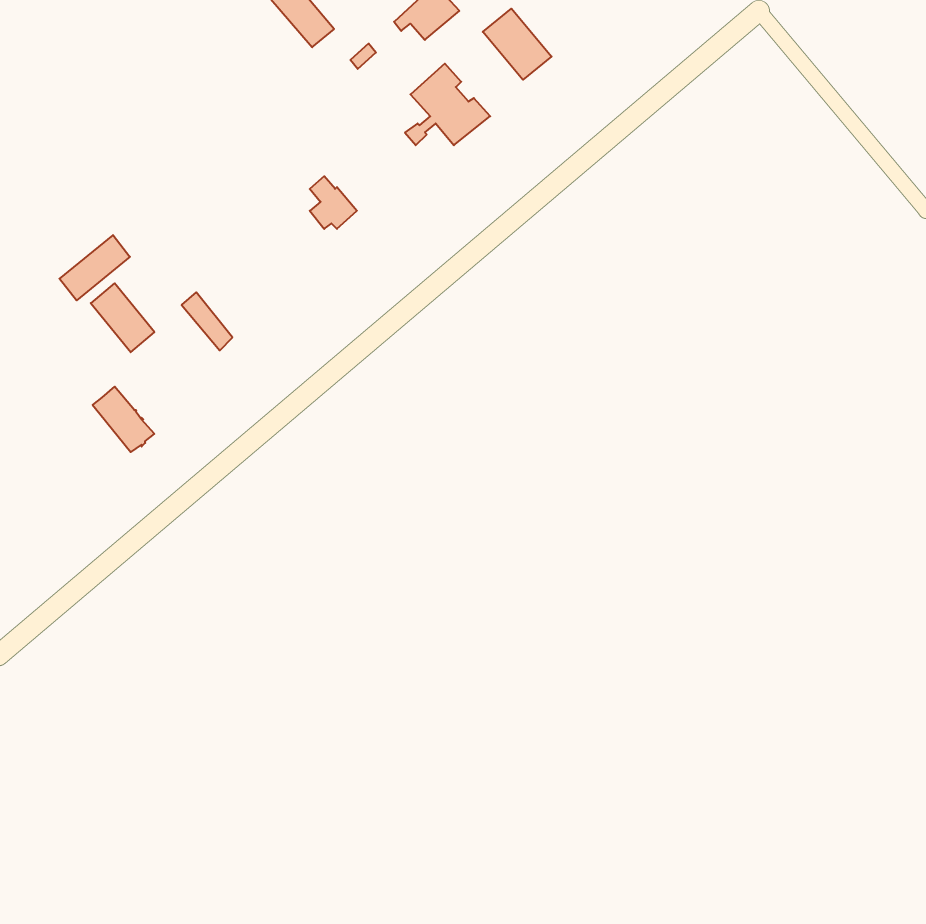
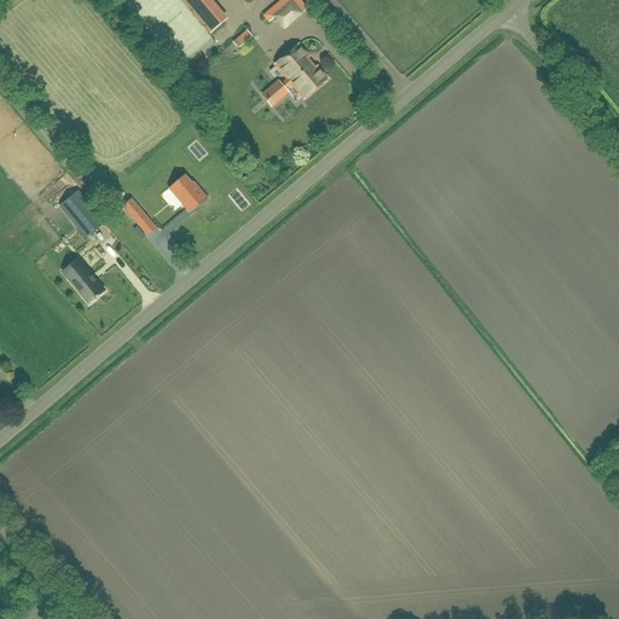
building: [483,9,552,80] -> none
building: [310,176,357,229] -> [174,173,206,208]
building: [59,235,130,300] -> none

